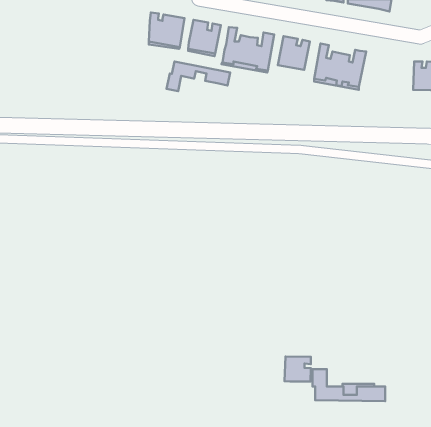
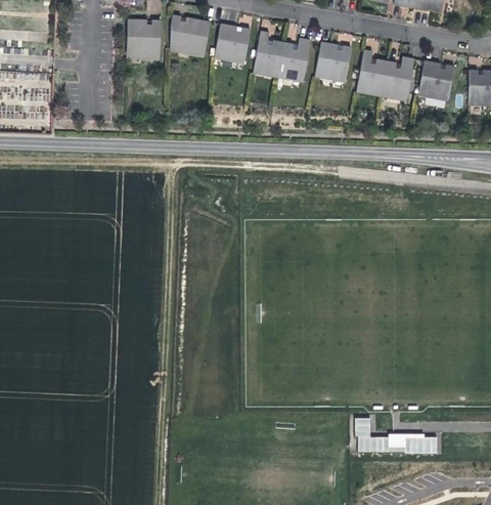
building: none -> [127,18,162,57]
building: none -> [419,60,455,97]
building: [167,62,230,91] -> none
building: [285,356,311,382] -> none

